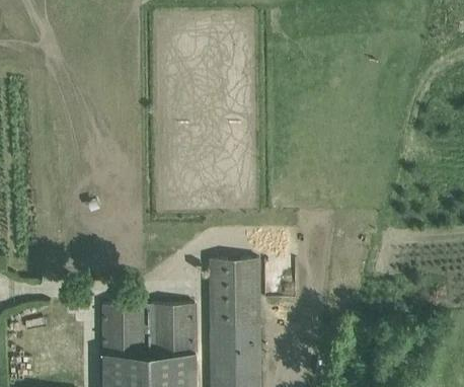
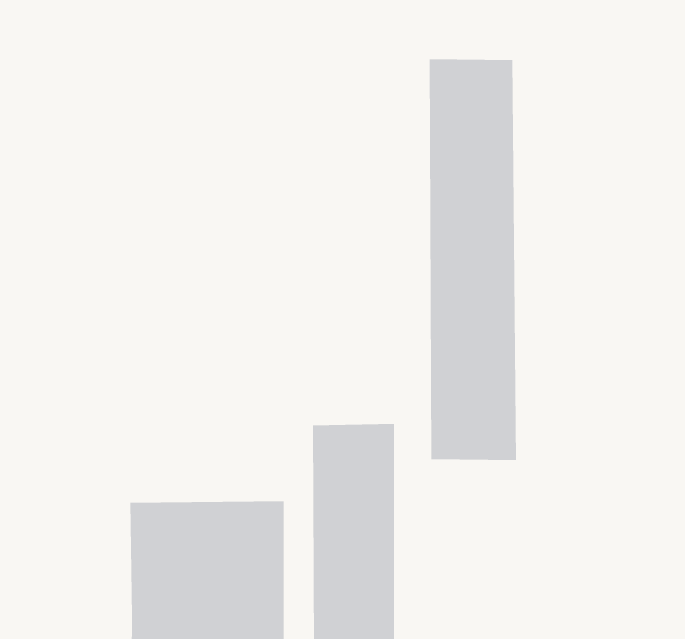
building: none -> [429,59,516,461]

